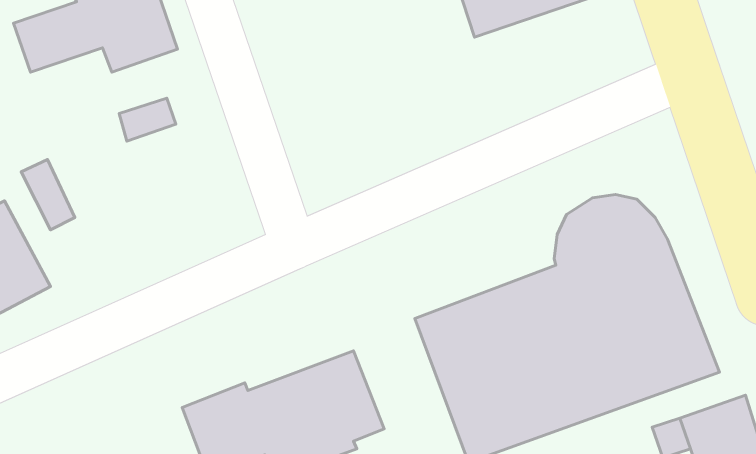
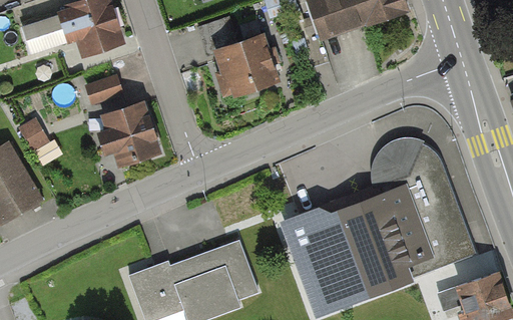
building: none -> [199,17,278,98]
building: none -> [100,101,160,165]

